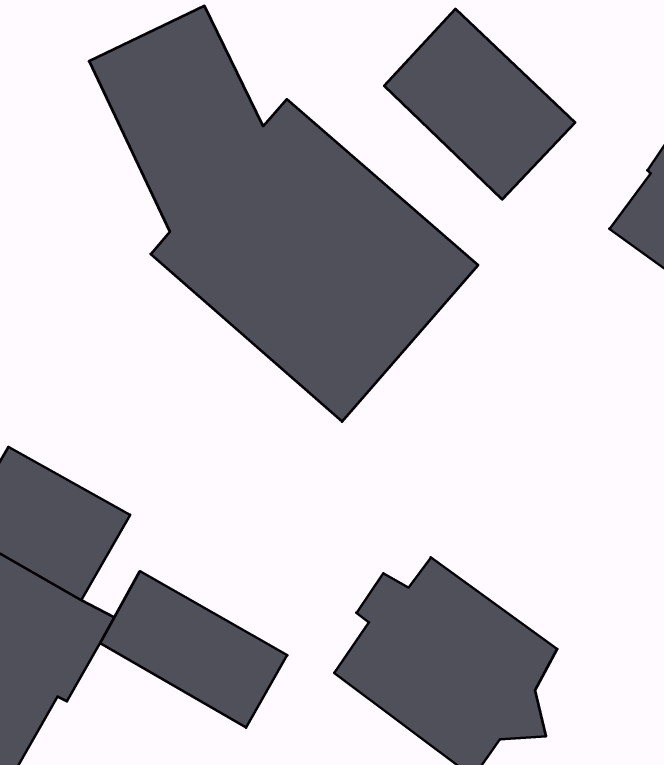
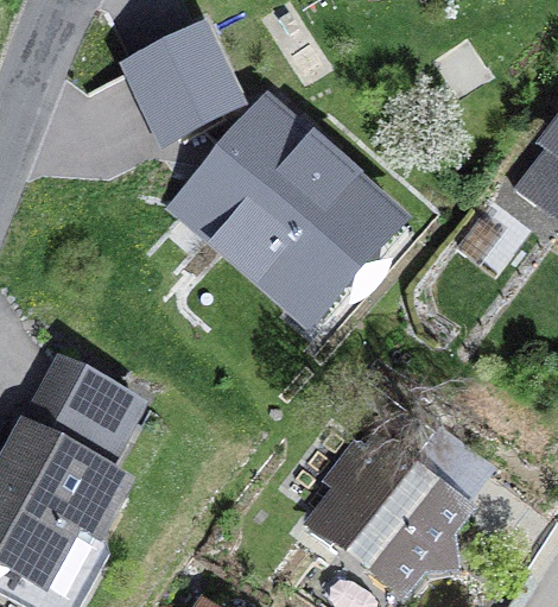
building: [384,9,575,199] -> none
building: [100,571,287,728] -> none

